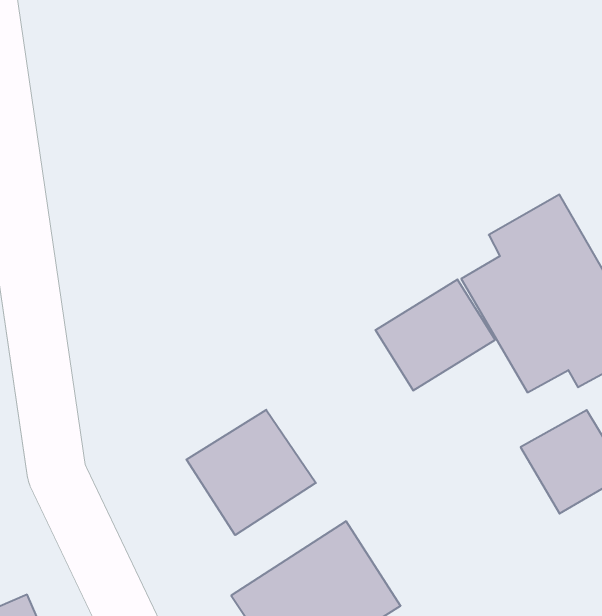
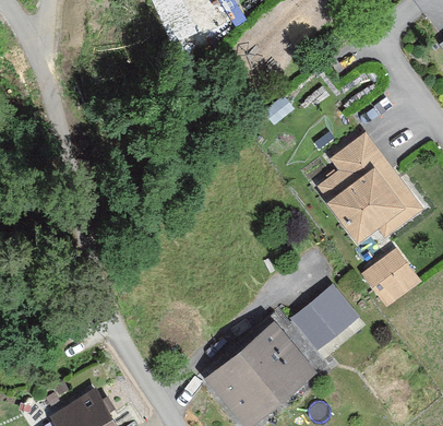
building: [375,279,495,390] -> [291,286,358,351]
building: [186,410,316,535] -> none

